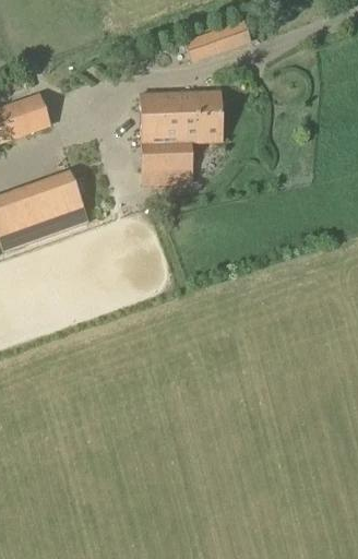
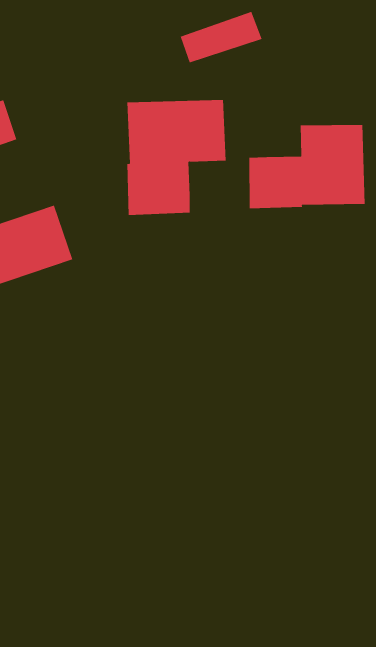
building: none -> [249,124,365,209]

